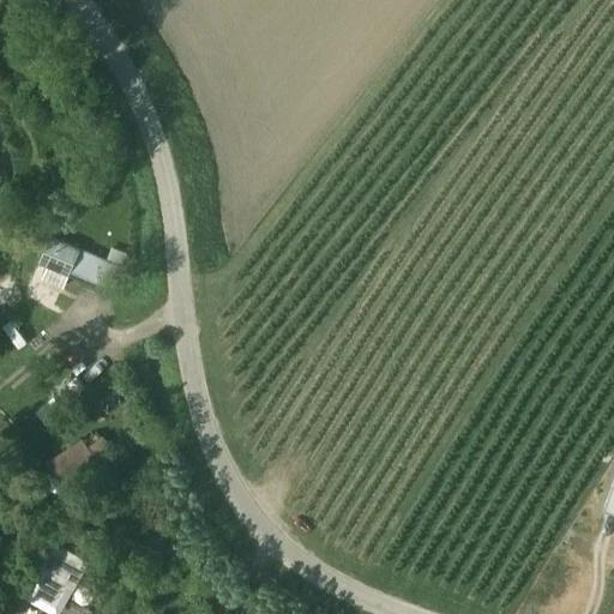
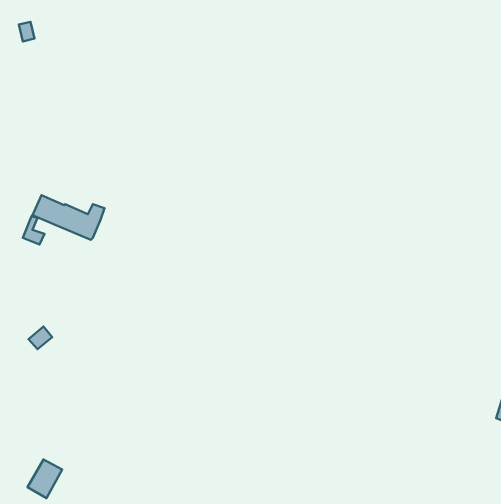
building: [49,439,97,483] -> none

